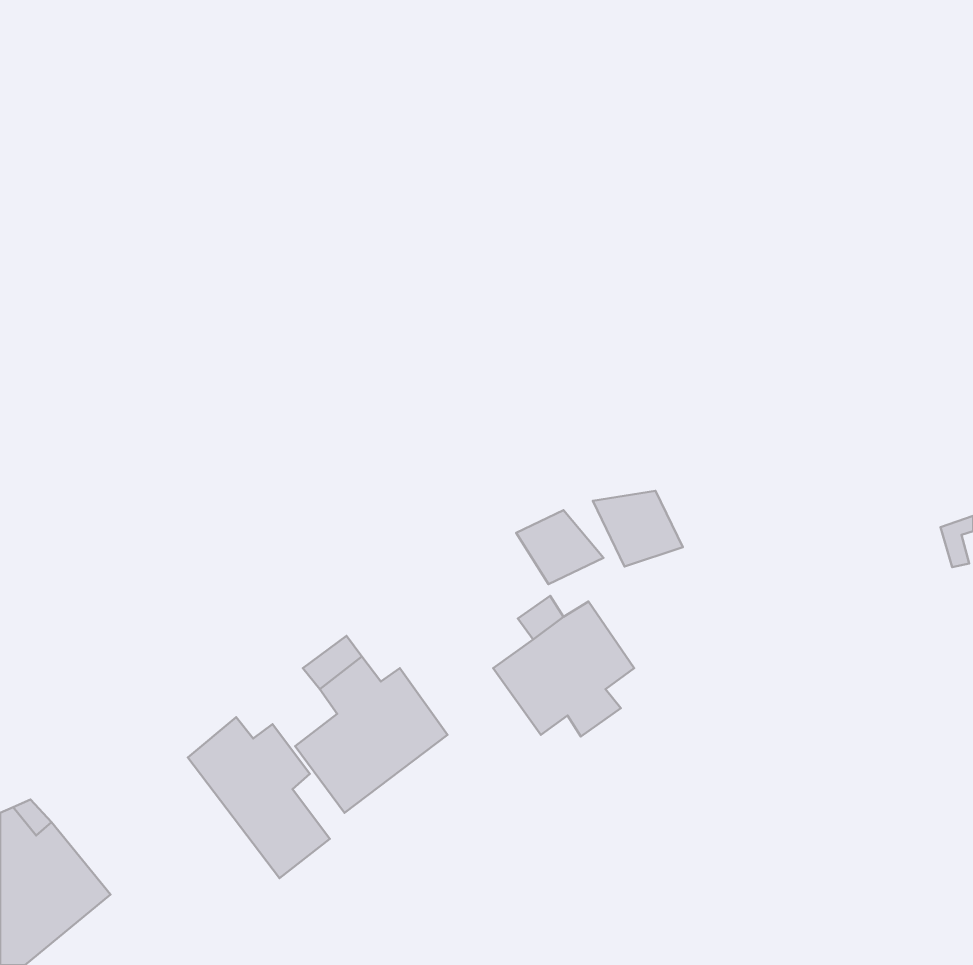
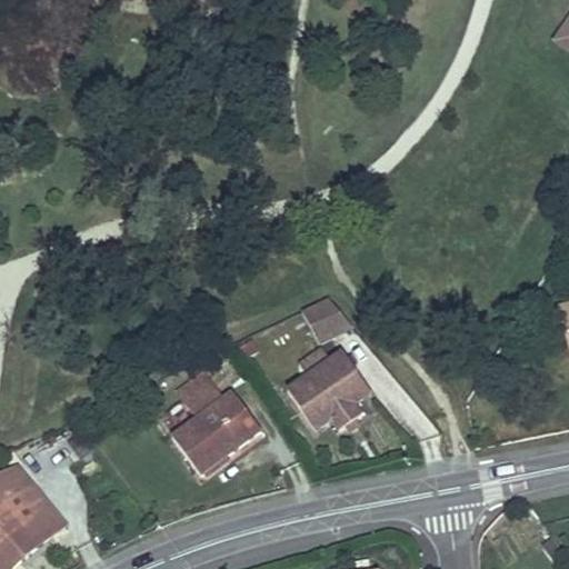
building: [593,491,683,566] -> none
building: [188,717,330,878] -> none

